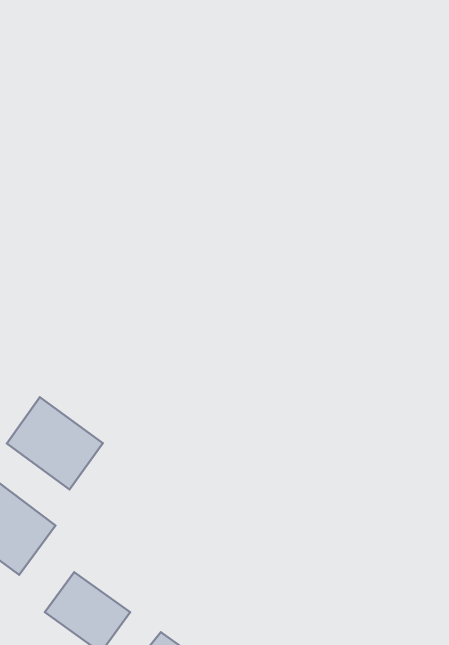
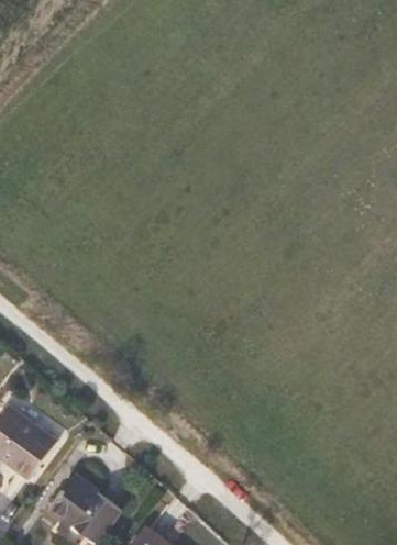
building: [7,397,103,490] -> none

